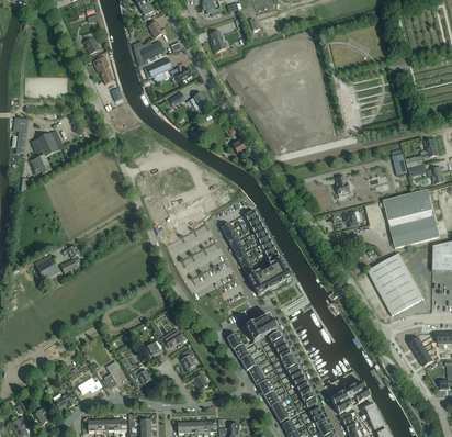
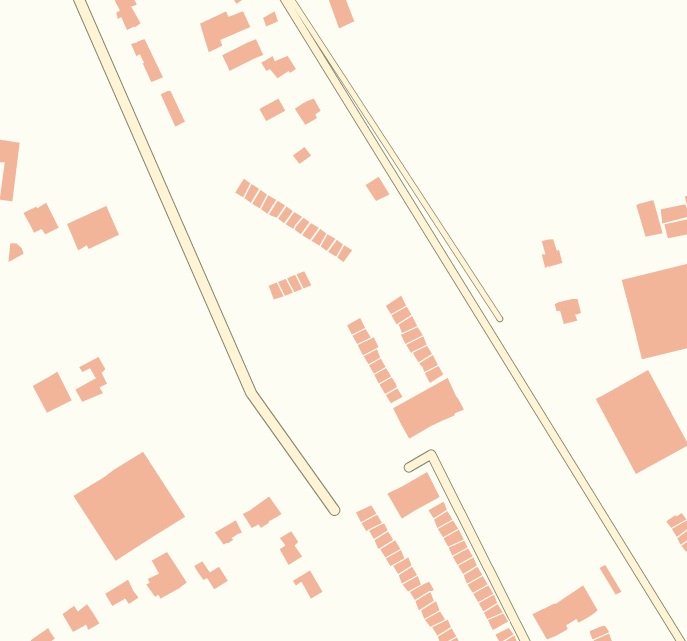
building: [32,130,64,157] -> [66,205,120,252]
building: none -> [73,451,186,562]

